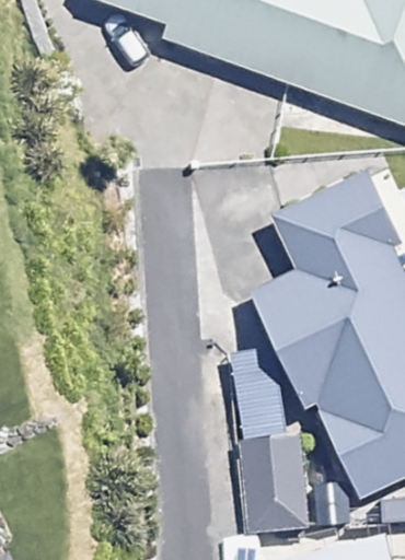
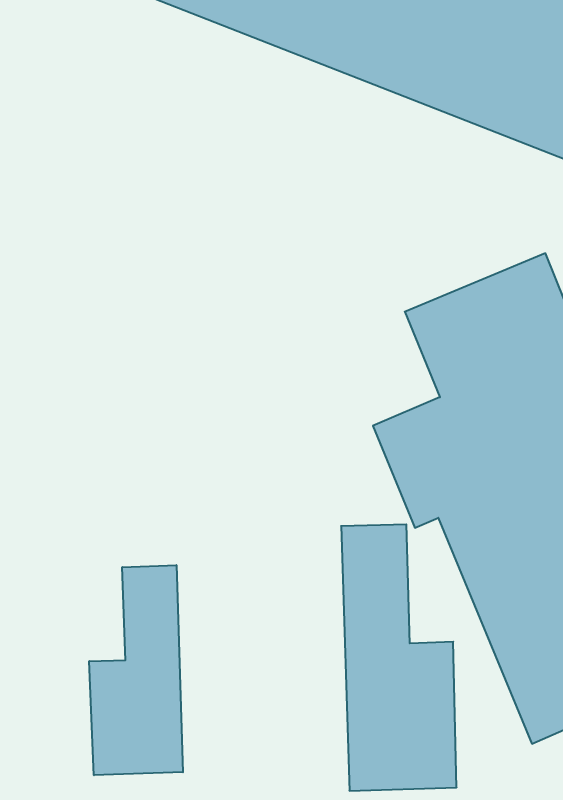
building: none -> [89,565,183,775]

